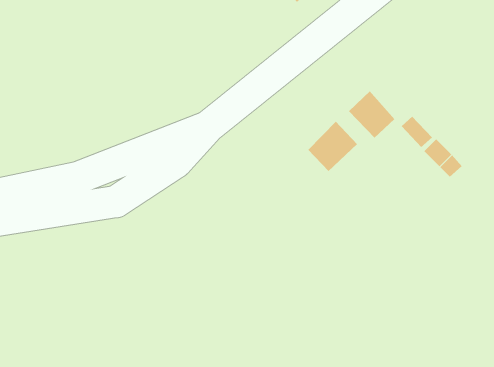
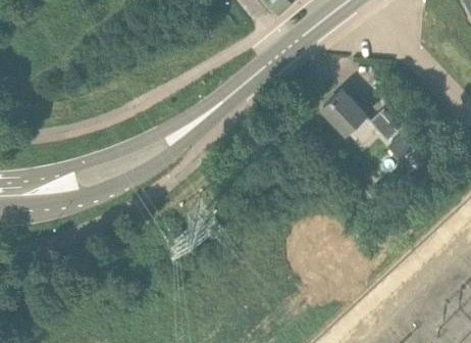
building: [307,121,358,172] -> none

